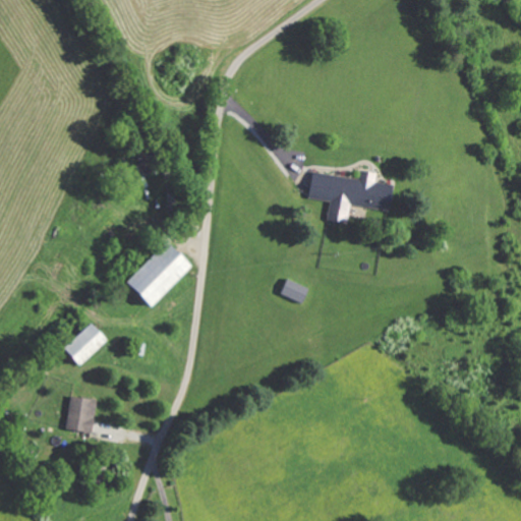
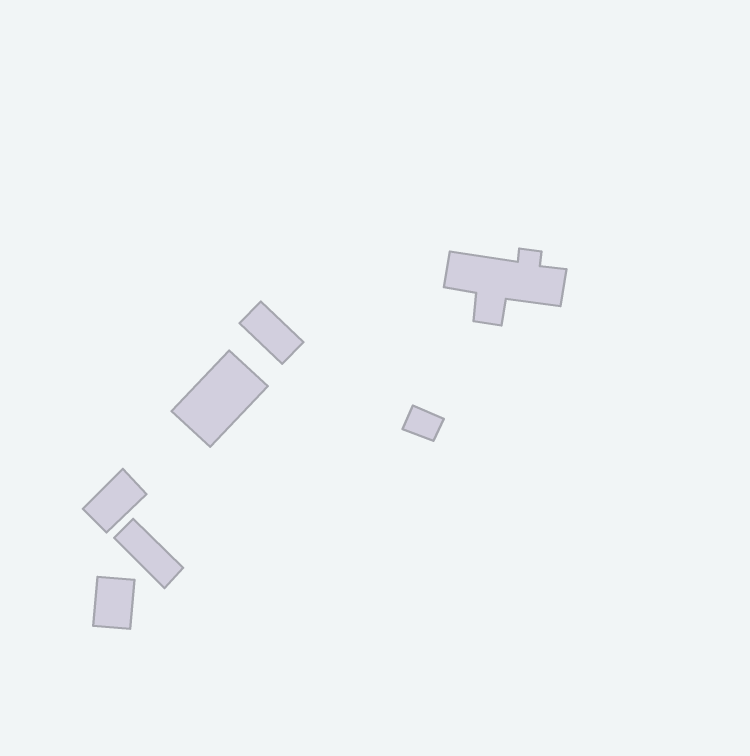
building: none -> [239,301,303,364]
building: none -> [114,519,183,588]

